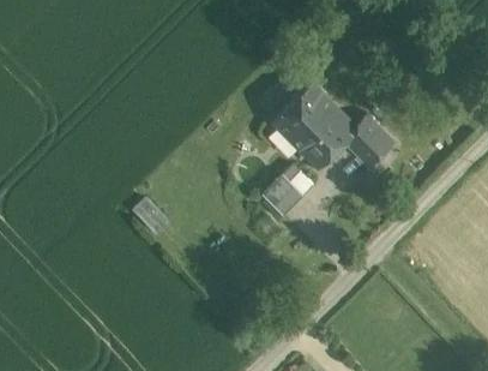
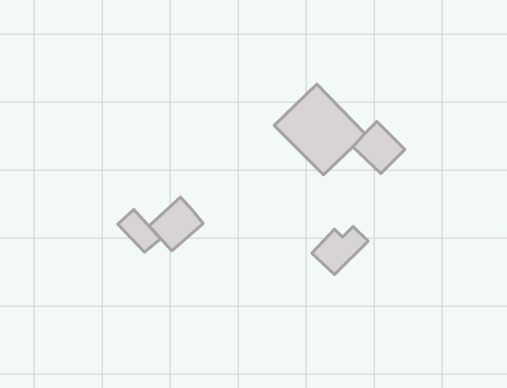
building: [261,172,312,215] -> [312,226,368,274]
building: none -> [149,197,203,251]

